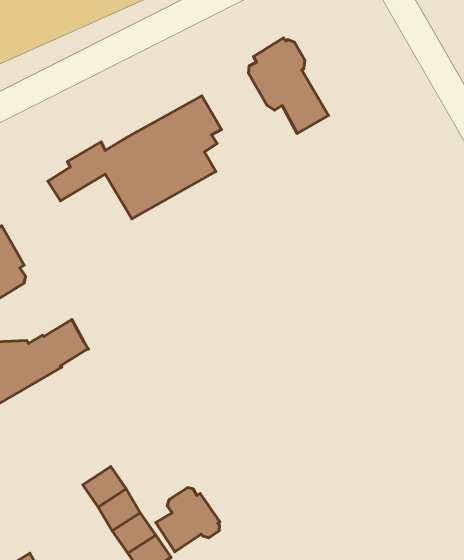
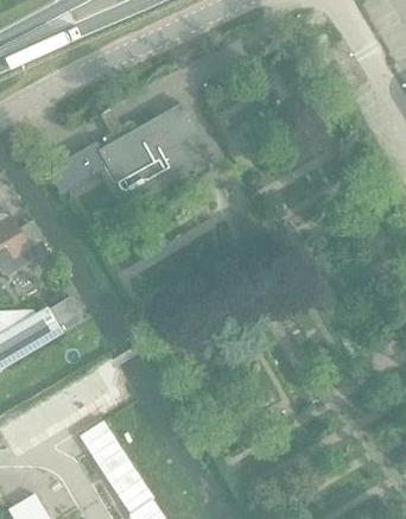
building: [249,38,329,133] -> none
building: [156,487,220,552] -> none

